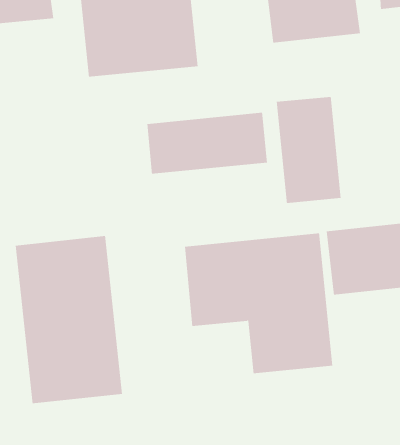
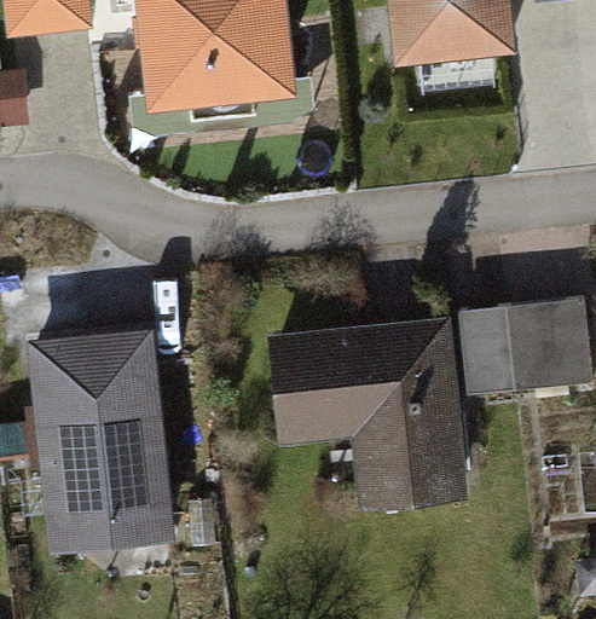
building: [276,96,341,204] -> none
building: [147,112,267,175] -> none

